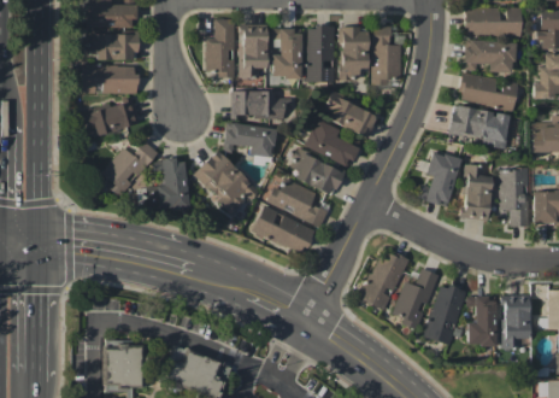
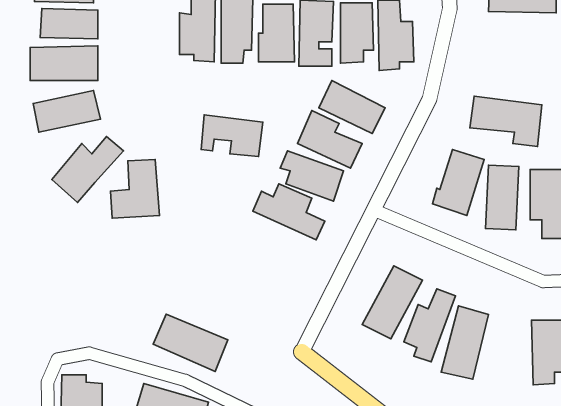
building: [465,41,516,74] -> none
building: [459,75,518,110] -> none
building: [231,90,284,119] -> none
building: [193,151,258,216] -> none
building: [252,207,314,256] -> [153,314,228,371]
building: [467,298,496,346] -> none

